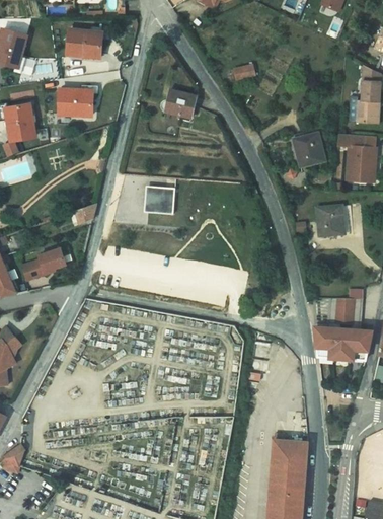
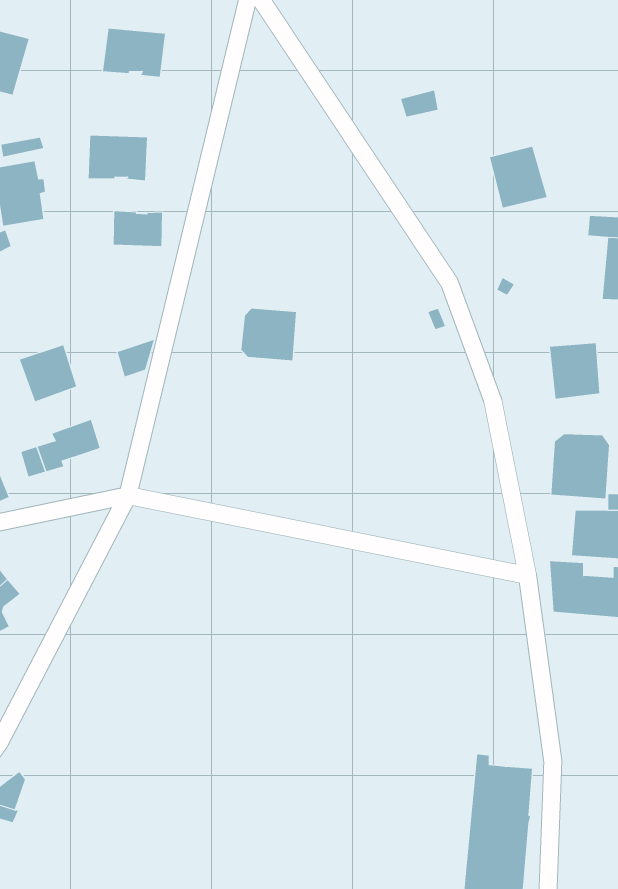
building: [167,89,197,118] -> none
building: none -> [113,210,162,247]
building: [293,132,325,166] -> [489,146,547,208]
building: none -> [19,345,77,402]
building: none -> [551,433,609,499]

